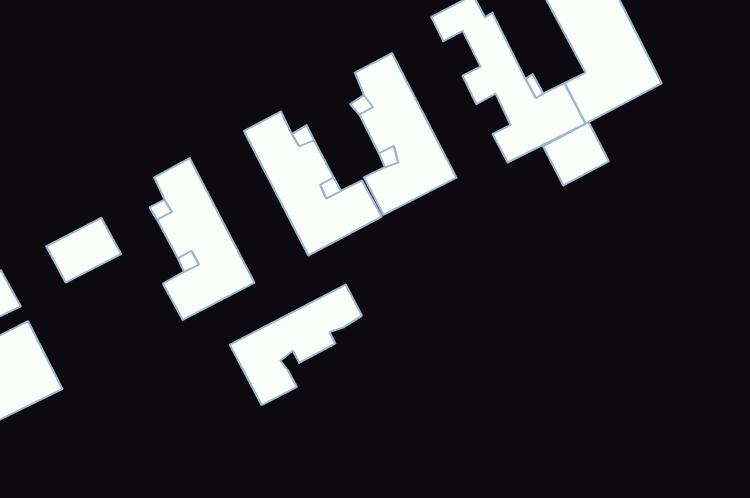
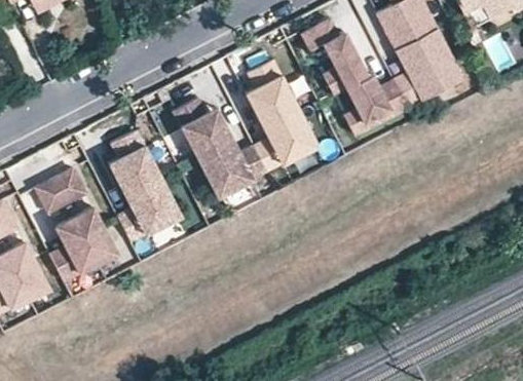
building: [543,122,609,186] -> none
building: none -> [50,206,118,280]
building: [230,284,362,405] -> none

